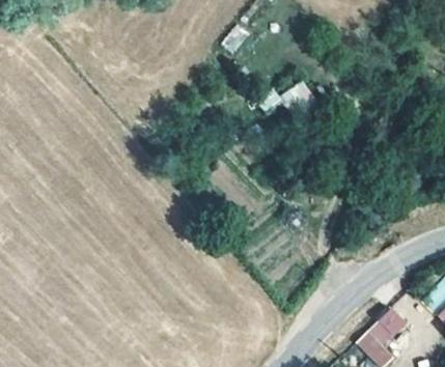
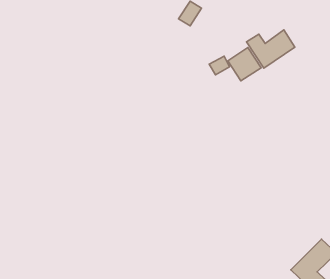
building: none -> [247,30,295,68]

